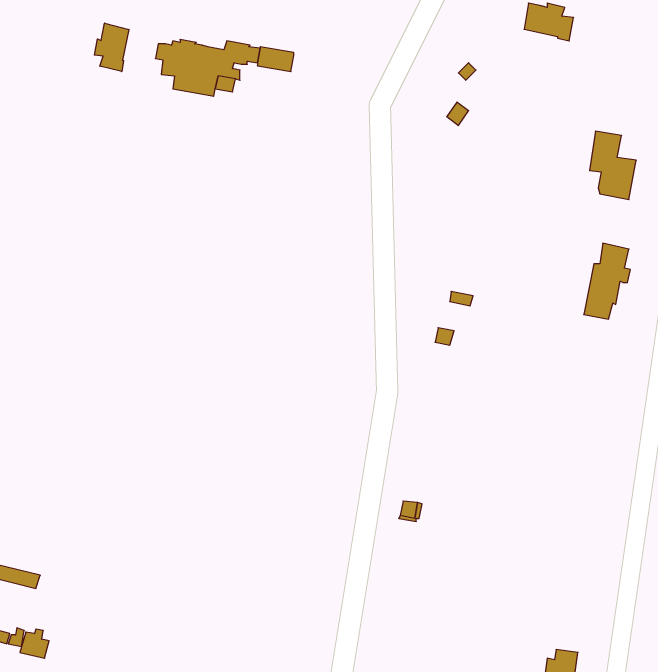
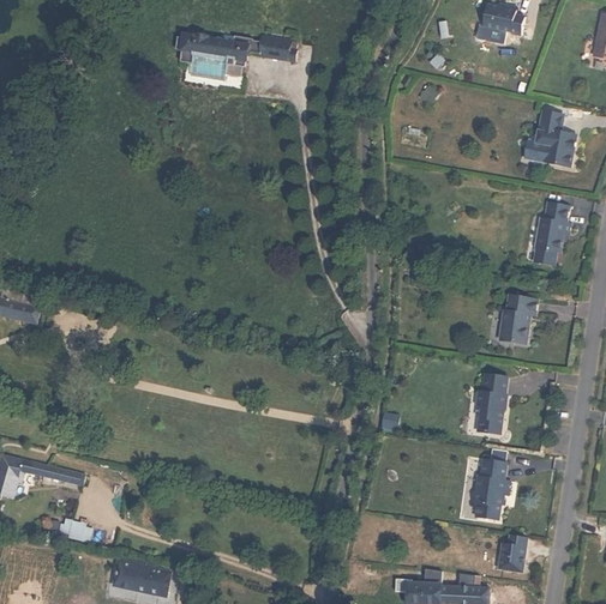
building: [94,23,129,72] -> none
building: none -> [498,295,536,343]
building: none -> [476,374,506,434]
building: none -> [469,459,509,520]

